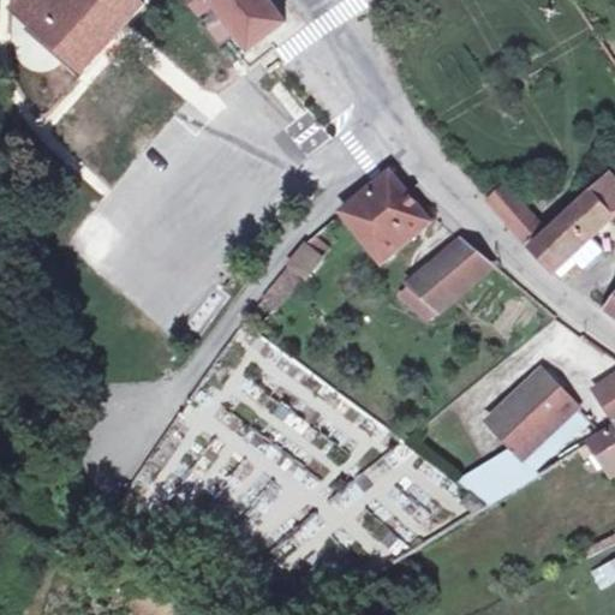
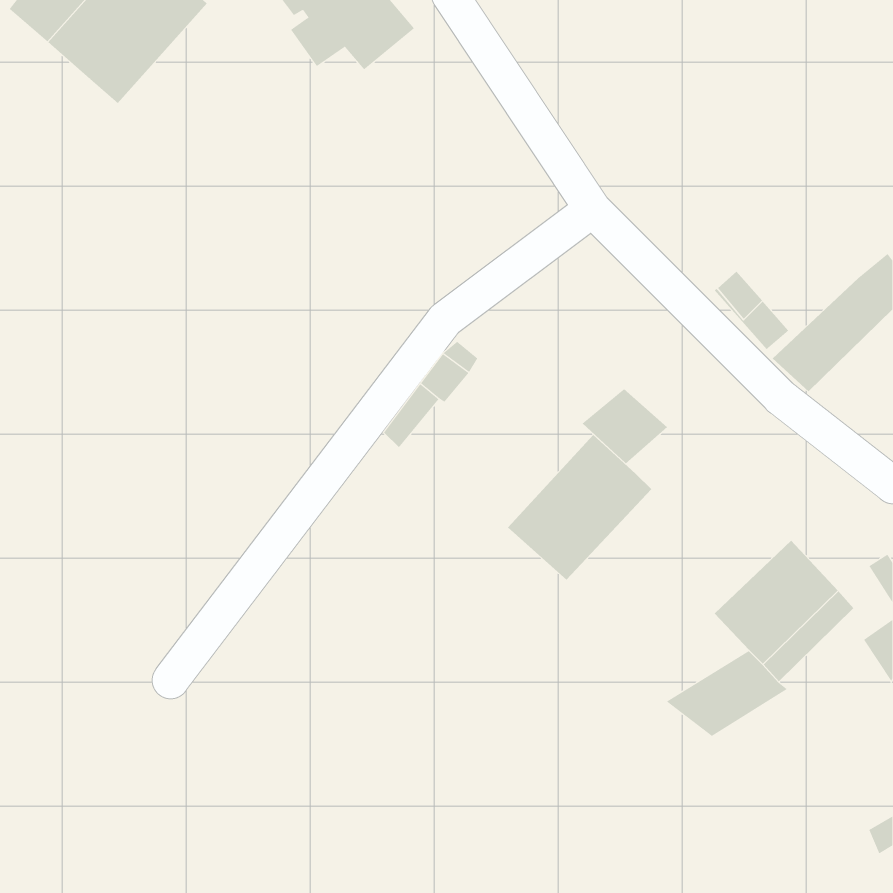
building: [340,171,426,258] -> none
building: [426,237,491,292] -> none
building: none -> [507,434,652,581]

